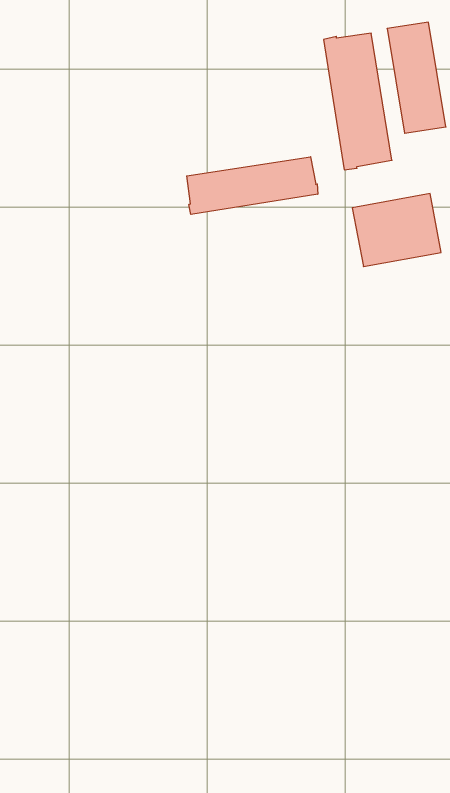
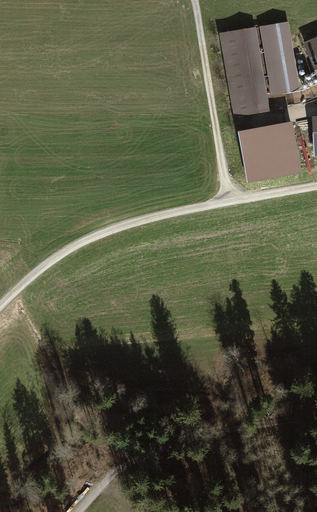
building: [187,157,318,214] -> none

